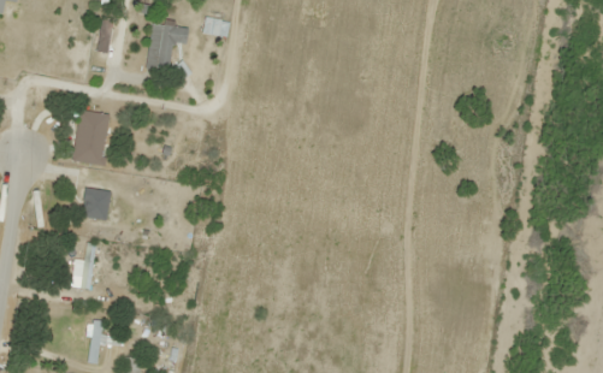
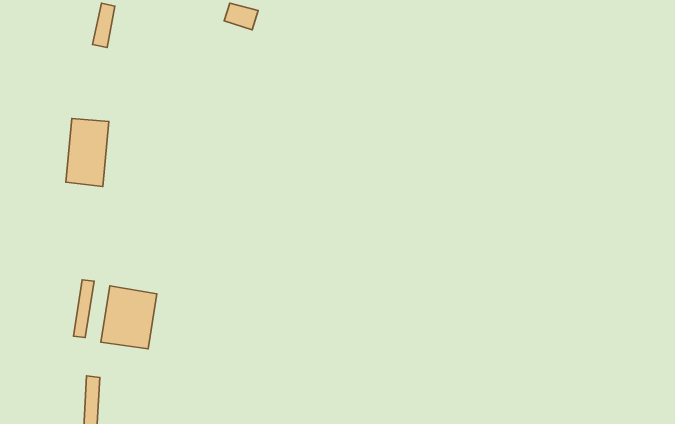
building: [147,23,189,72] -> none
building: [83,189,110,219] -> none
building: none -> [101,286,157,349]

